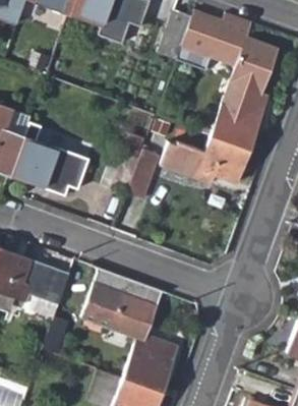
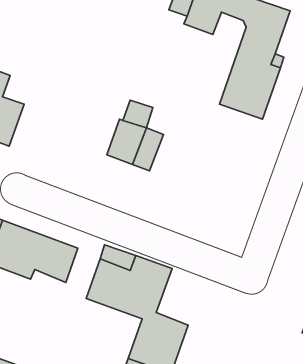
building: [9,122,88,195] -> none
building: [160,136,249,184] -> none

